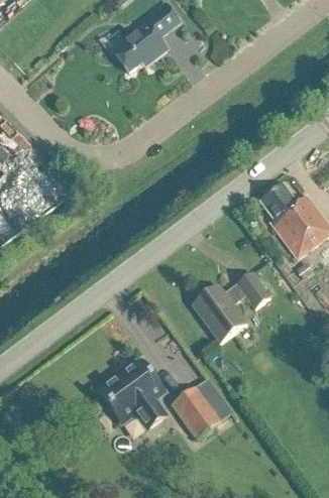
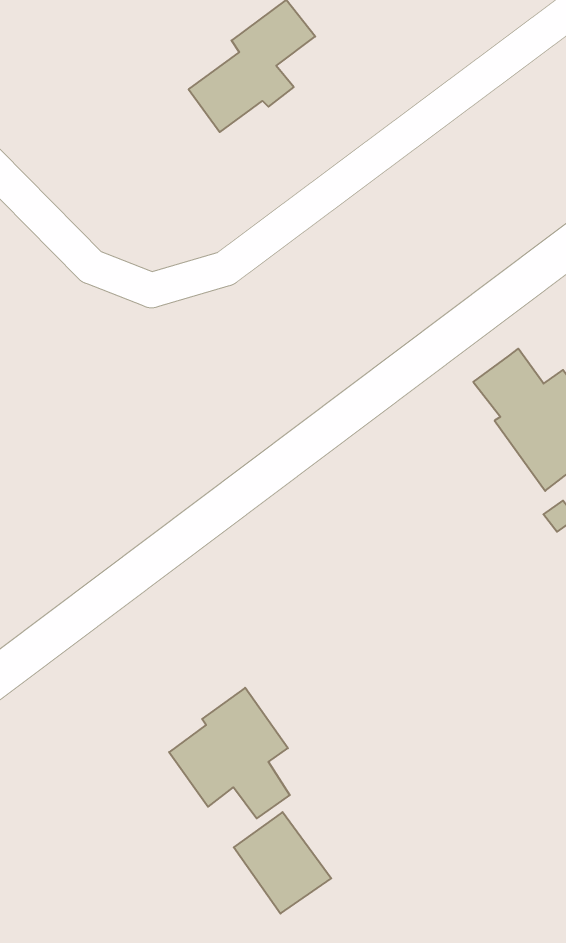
building: [192,272,269,342] -> none
building: [172,384,222,437] -> [234,812,331,914]

